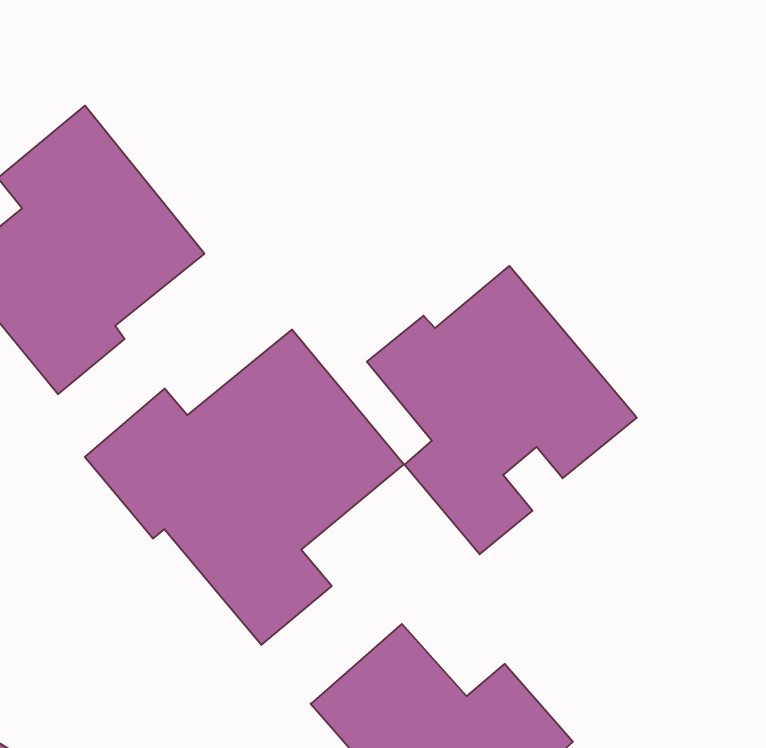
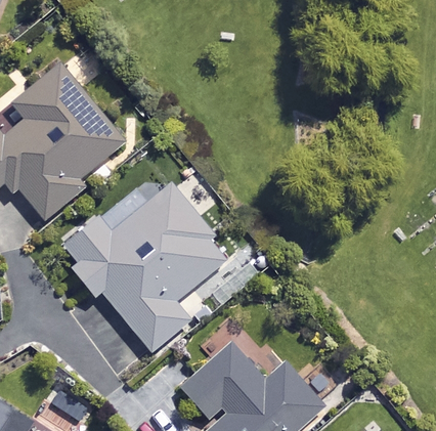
building: [367,266,637,554] -> none

